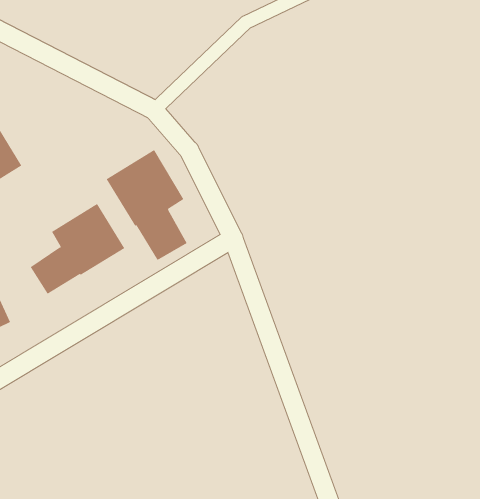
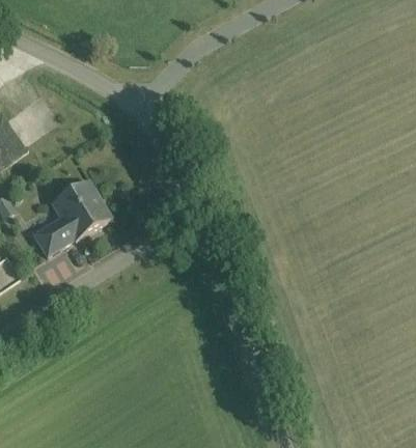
building: [106,149,188,261] -> none

